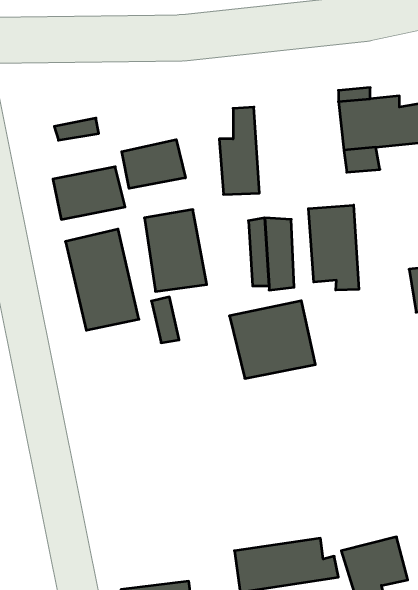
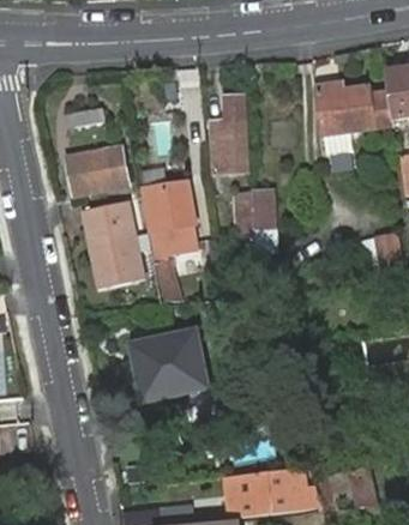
building: [122,140,185,188] -> none
building: [308,205,359,290] -> none
building: [229,301,315,378] -> [132,332,206,399]

